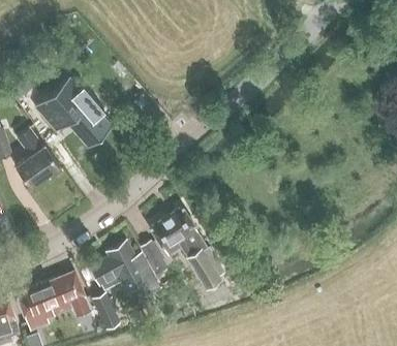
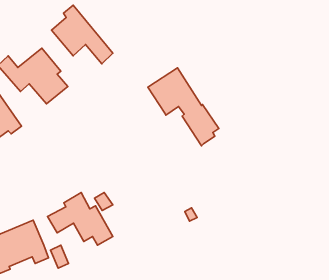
building: none -> [51,5,113,64]
building: [150,208,226,291] -> [148,68,219,146]

